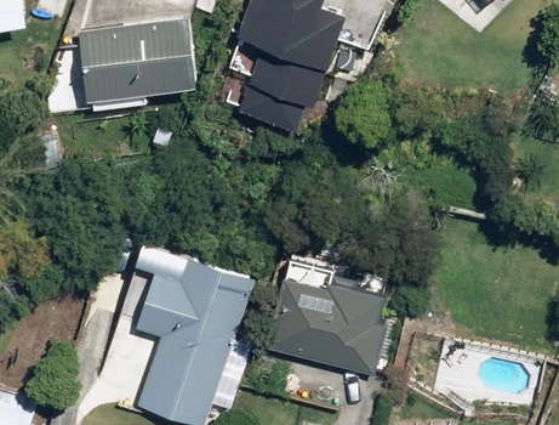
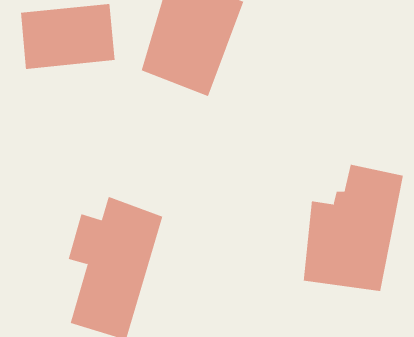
building: none -> [303,164,403,292]
building: [264,278,384,373] -> none

